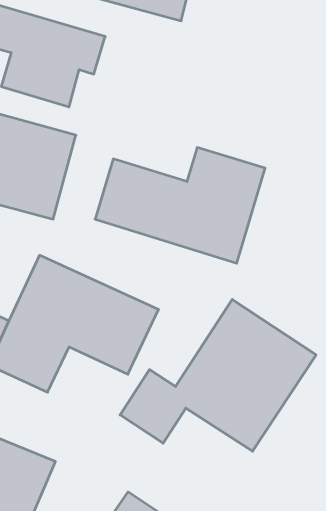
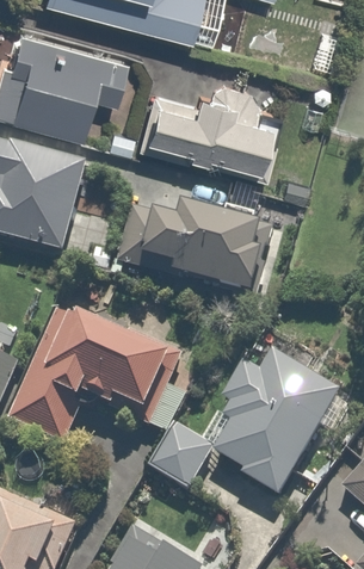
building: none -> [136,78,274,177]

